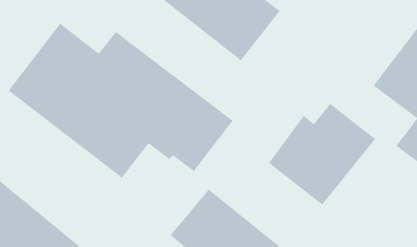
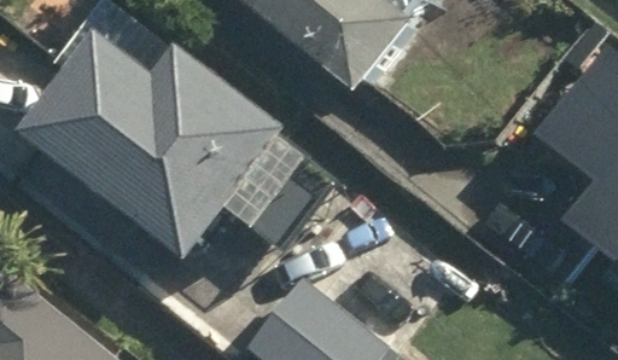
building: [268,103,376,206] -> none

